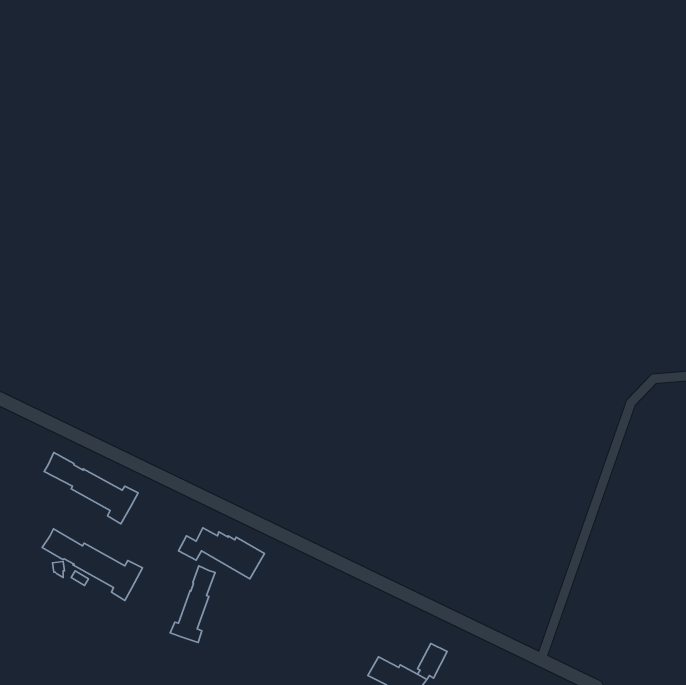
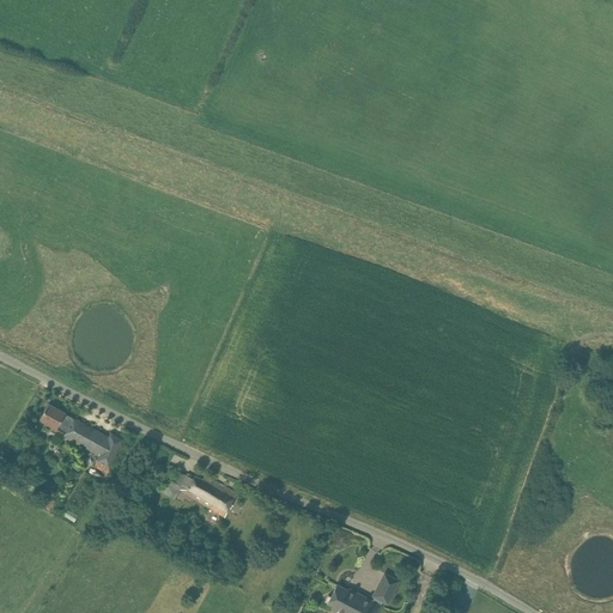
building: [42,529,143,600] -> none
building: [170,566,215,642] -> none

